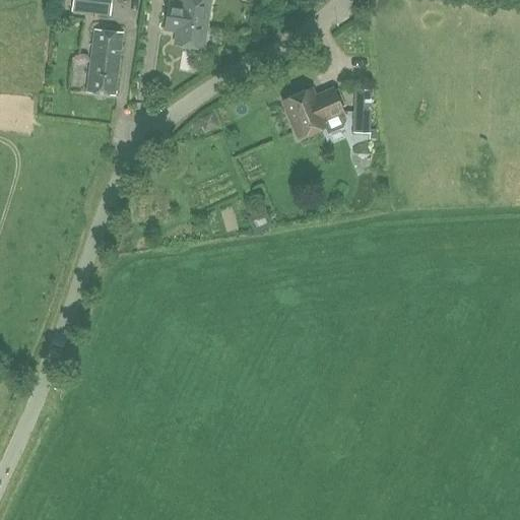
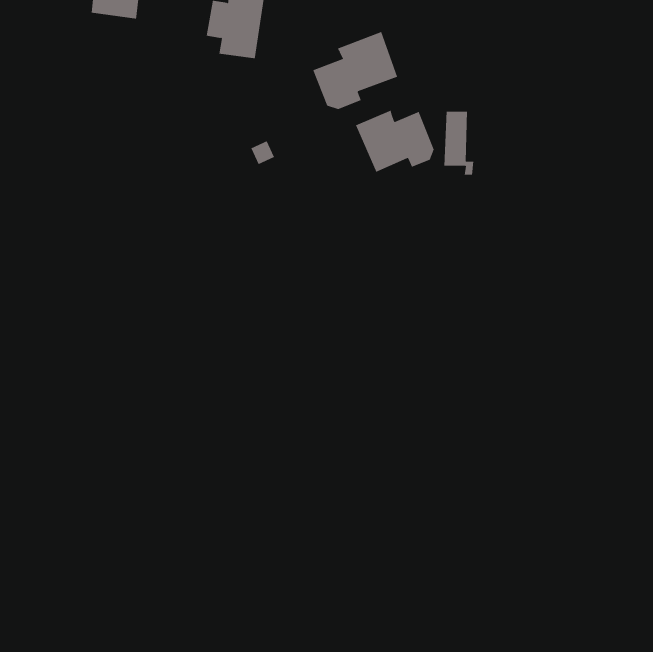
building: none -> [312,31,398,110]
building: [86,28,123,95] -> none

